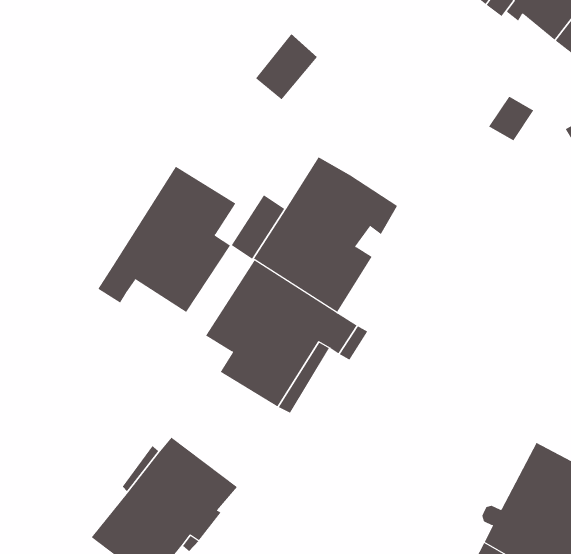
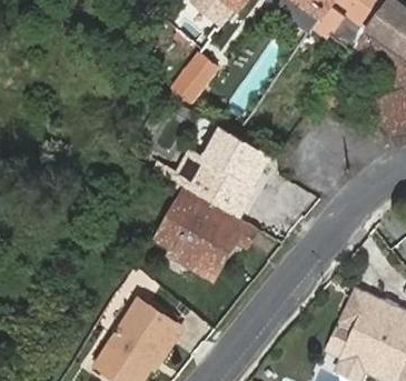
building: [97,166,236,313] -> none

